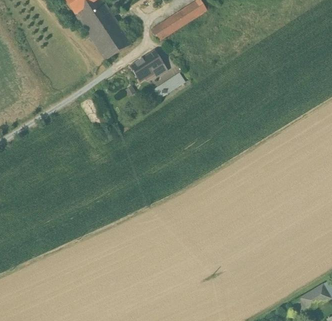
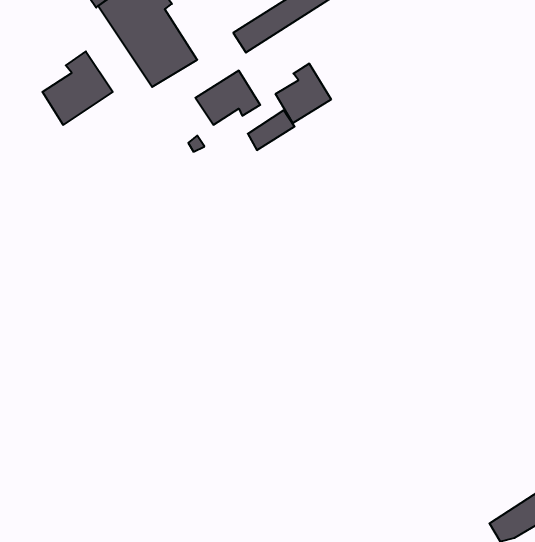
building: none -> [42,51,113,125]
building: none -> [276,63,331,123]

